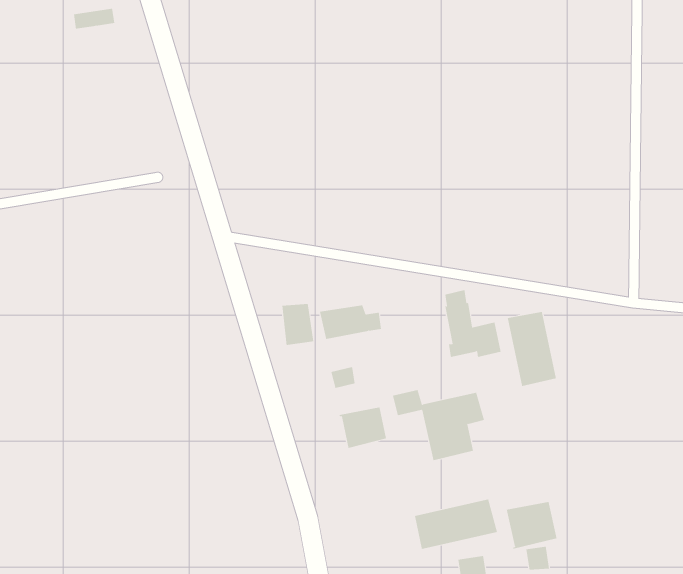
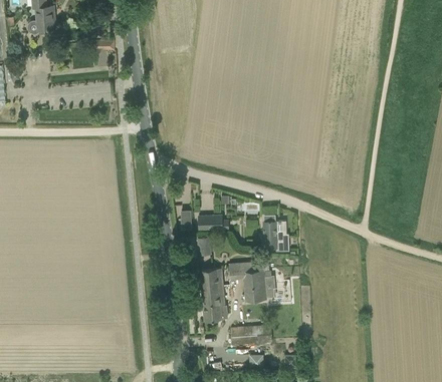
building: [507,311,557,387] -> none
building: none -> [202,286,225,321]
building: [506,501,557,549] -> none

